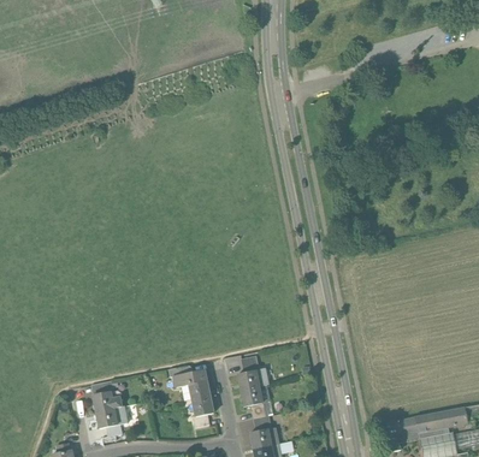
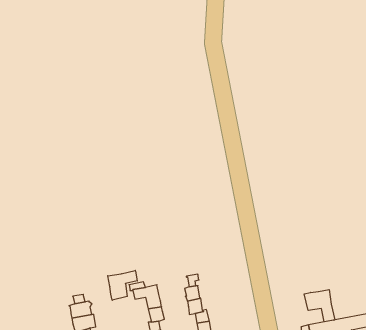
building: none -> [108,270,137,300]
building: none -> [304,290,335,322]

